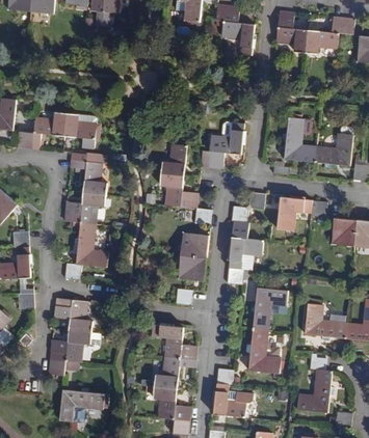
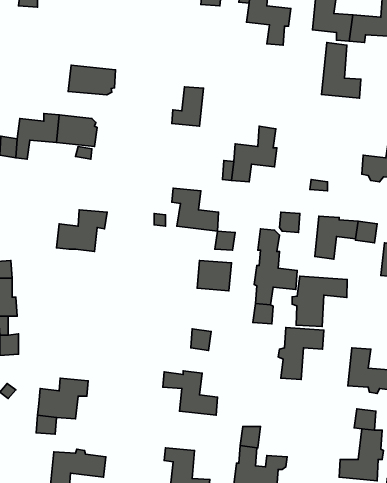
building: none -> [68,65,116,95]
building: [284,115,316,161] -> [322,43,361,98]
building: [160,142,186,174] -> [172,87,203,126]
building: [71,158,107,192] -> none
building: [64,222,108,277] -> none
building: none -> [292,276,347,326]
building: [178,254,206,279] -> none
building: [54,296,91,330] -> none
building: [242,328,278,373] -> none
building: [154,355,195,387] -> none

